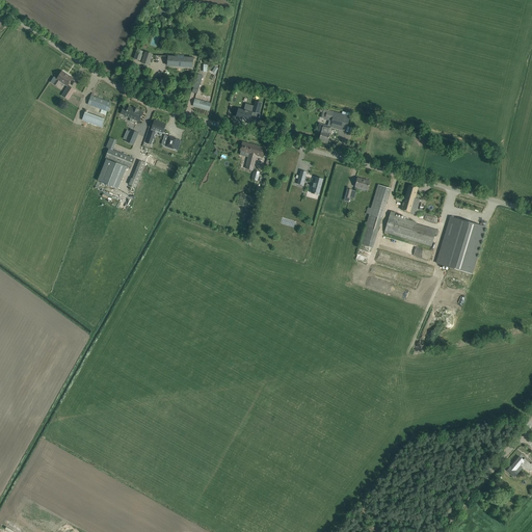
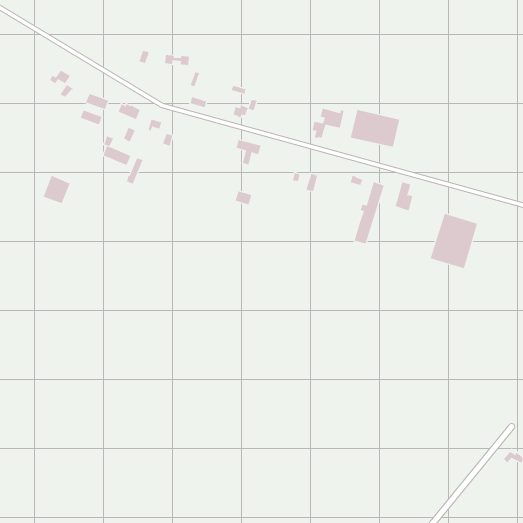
building: none -> [350,109,400,148]
building: [97,158,125,187] -> [43,175,70,204]
building: [383,210,435,246] -> none

